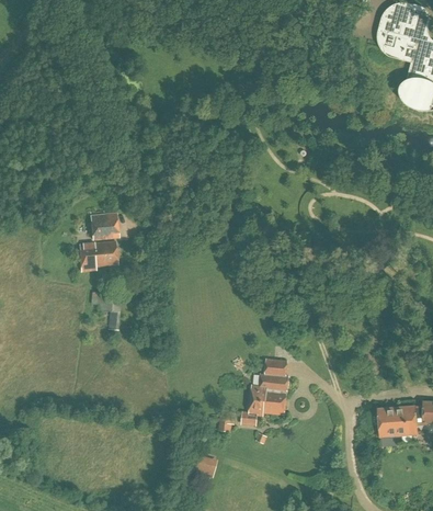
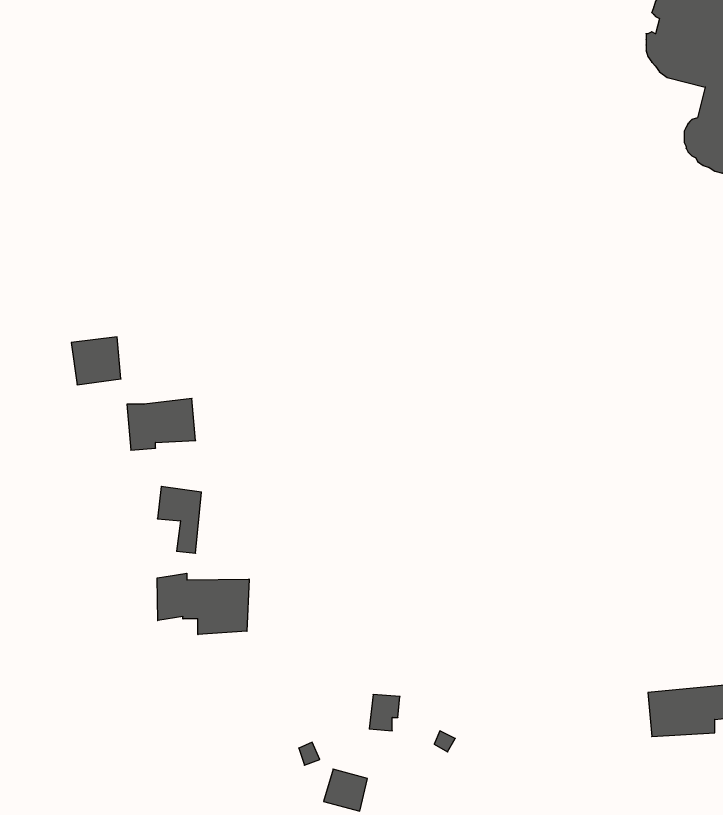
building: [89,213,117,240] -> [71,337,121,385]
building: none -> [157,573,249,635]
building: [239,359,287,427] -> none

